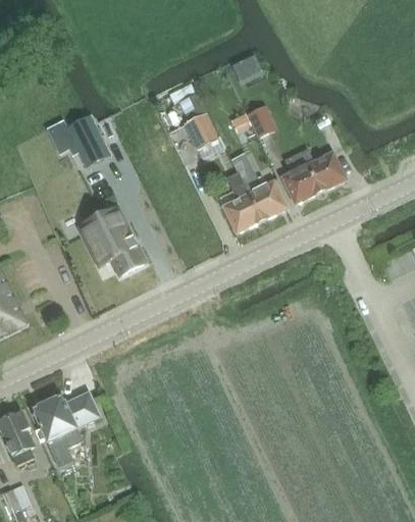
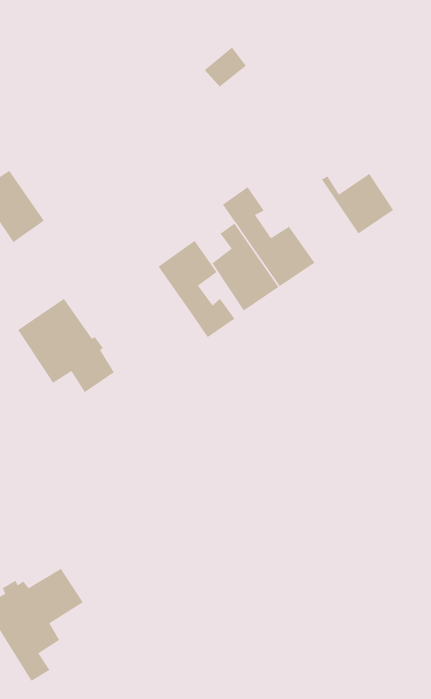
building: [246,105,275,136] -> none
building: [181,112,217,149] -> none
building: [279,151,319,204] -> none
building: none -> [157,240,236,338]

